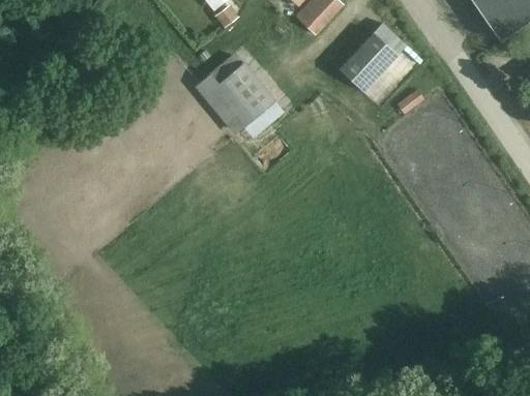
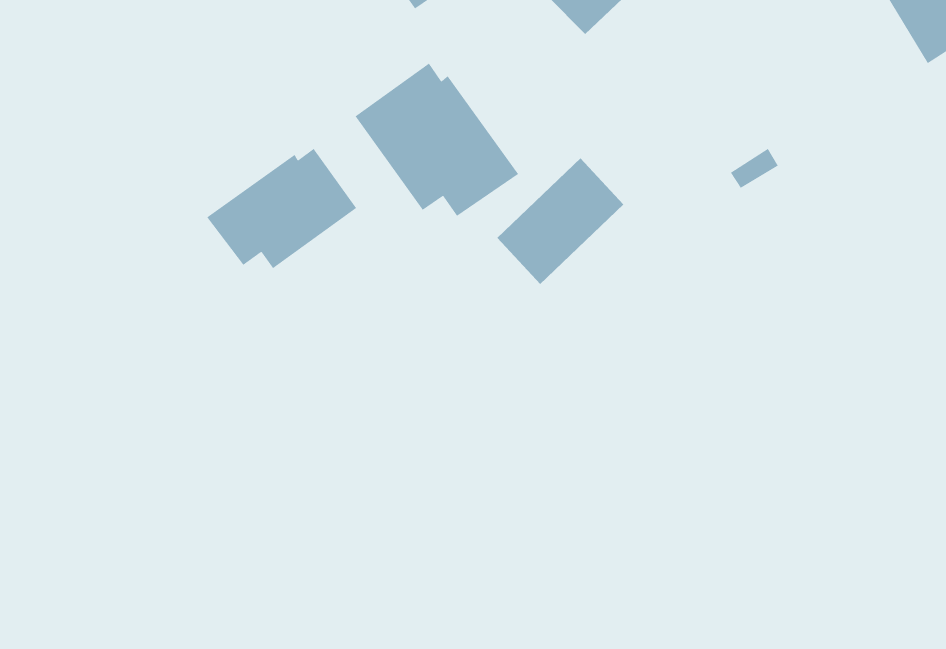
building: [341,23,408,92] -> [497,158,624,285]
building: none -> [206,148,357,269]

